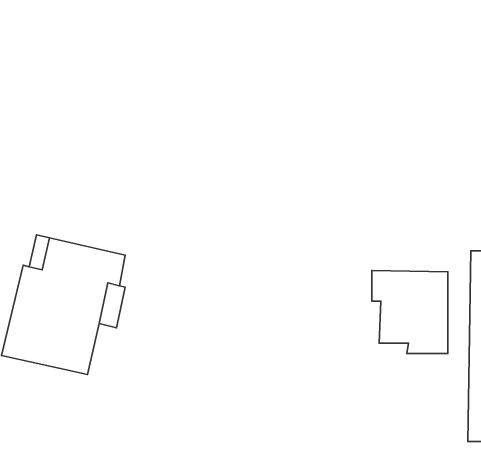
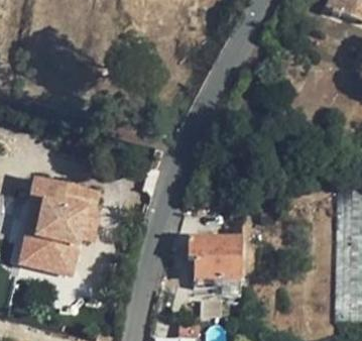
building: [372,270,448,353] -> [189,235,241,293]

